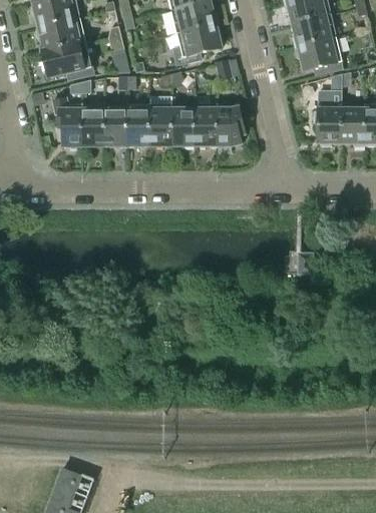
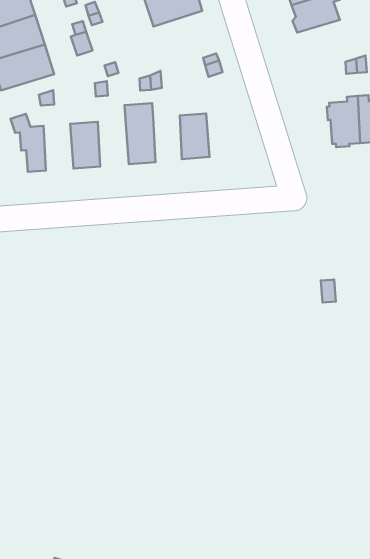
building: [173,23,222,63] -> none
building: [296,39,343,69] -> none
building: [216,106,245,144] -> none
building: [79,108,102,145] -> none
building: [124,108,148,145] -> none
building: [170,108,194,145] -> none

